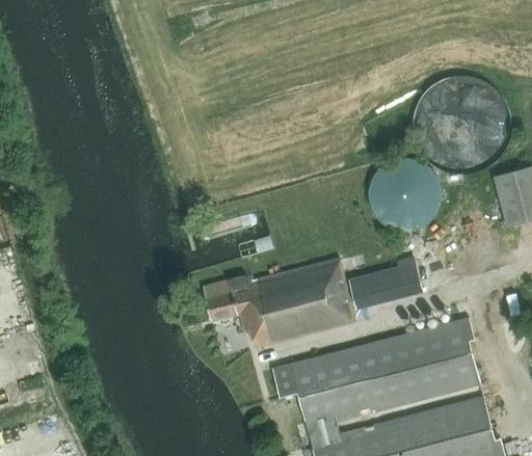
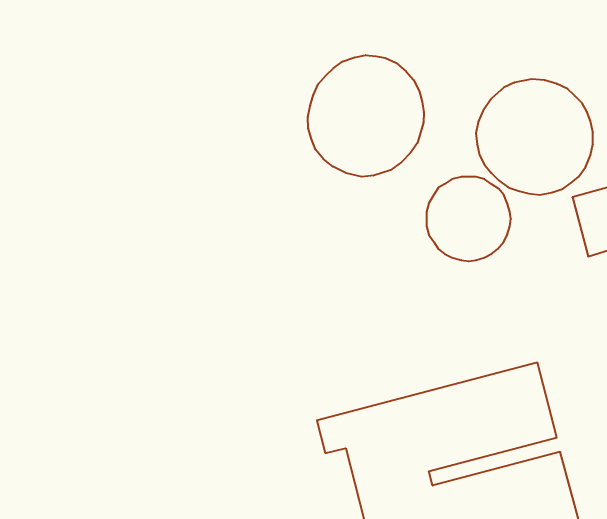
building: none -> [308,55,424,177]
building: [204,260,423,349] -> none

